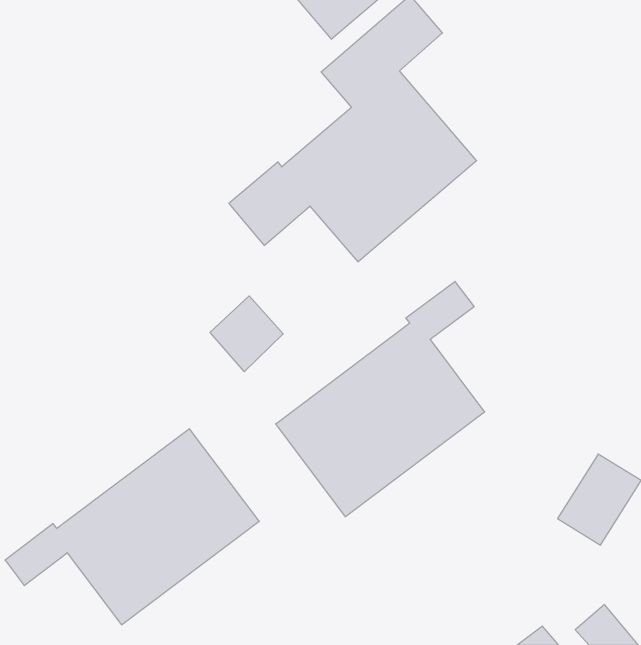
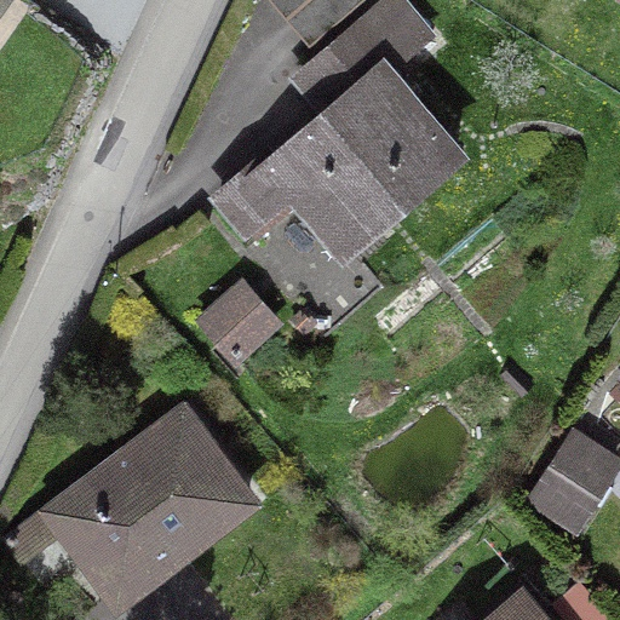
building: [276,281,485,517] -> none

